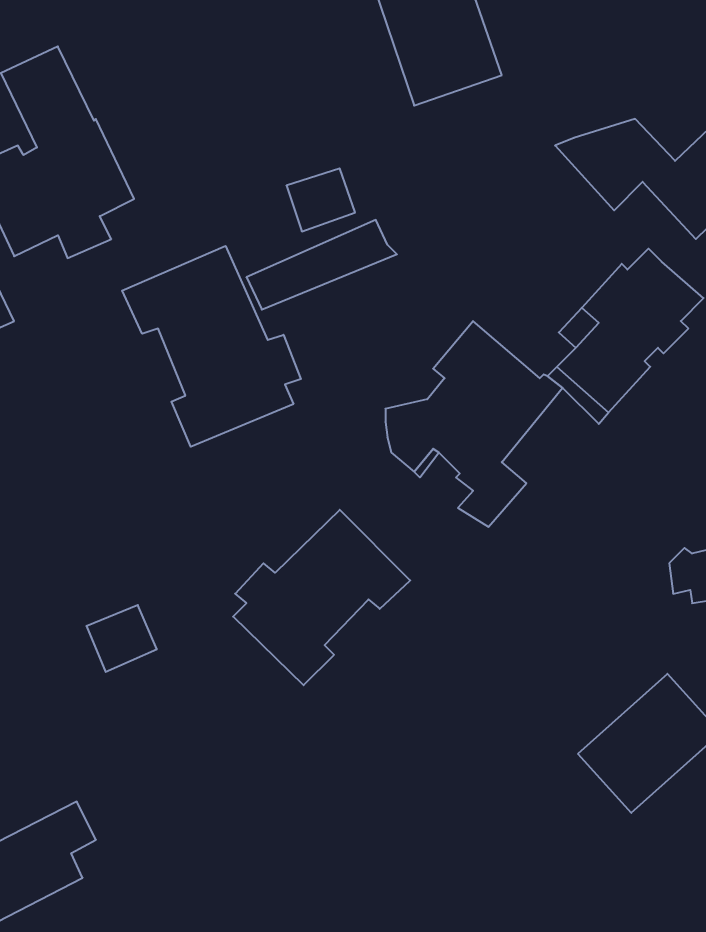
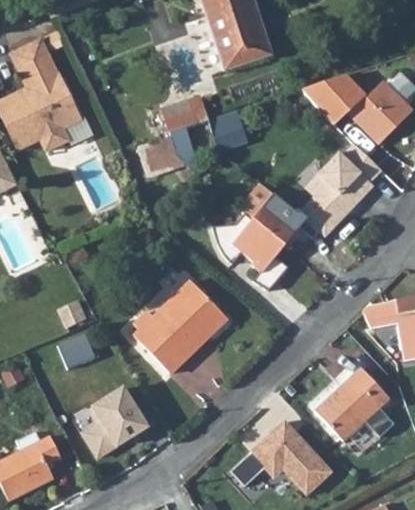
building: none -> [213,113,250,146]
building: [122,246,301,447] -> none
building: none -> [81,383,152,460]
building: none -> [231,421,332,493]

